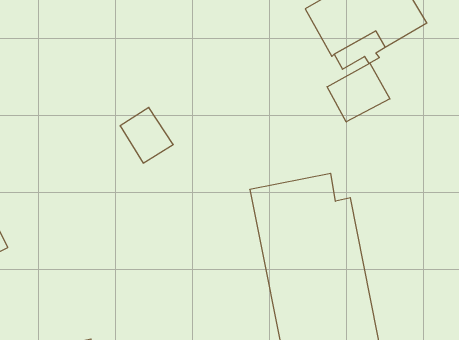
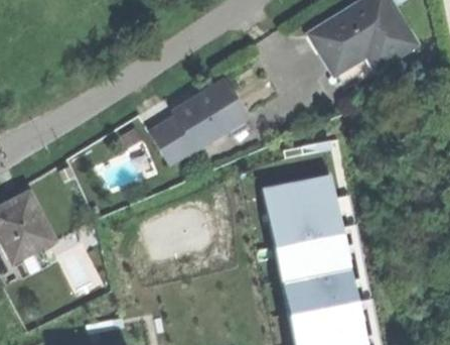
building: [327,63,390,122] -> none
building: none -> [173,79,250,149]

